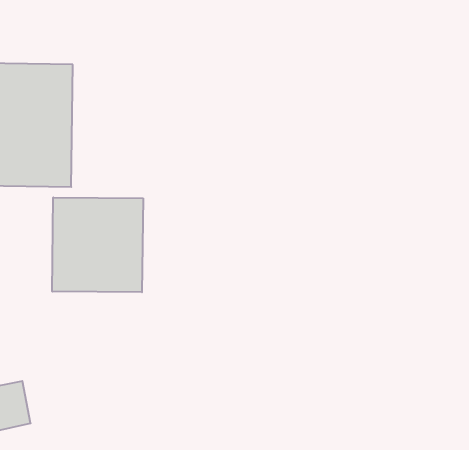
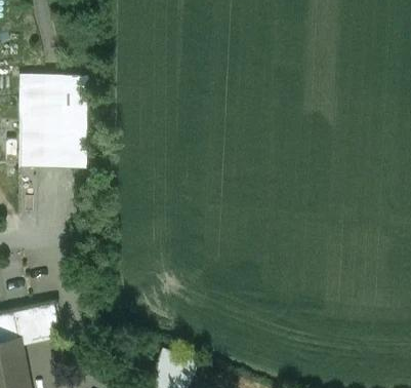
building: [52,197,143,292] -> none

